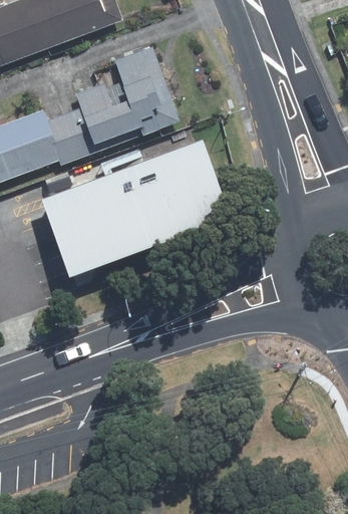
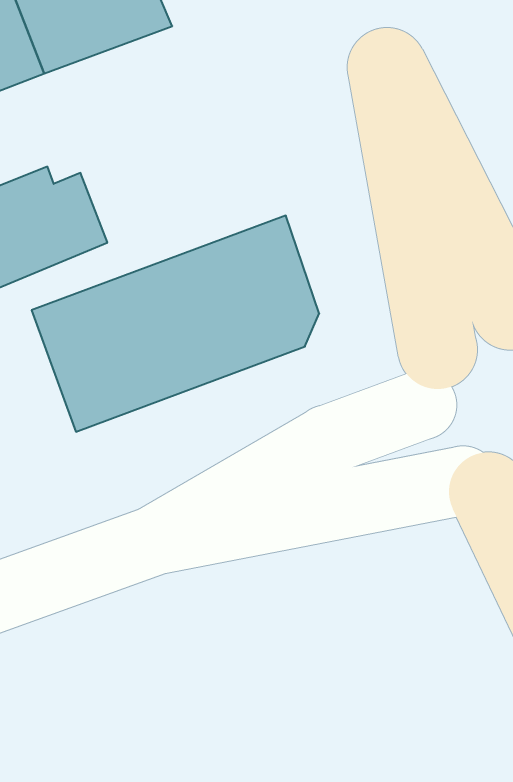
building: [65,47,182,157] -> none

